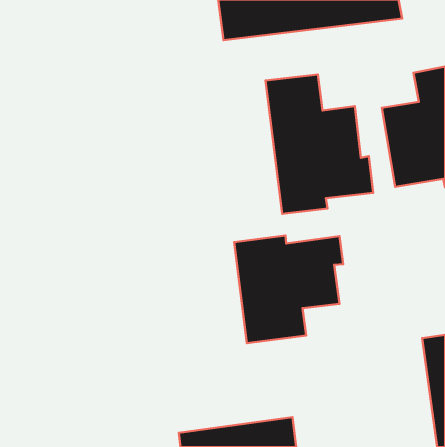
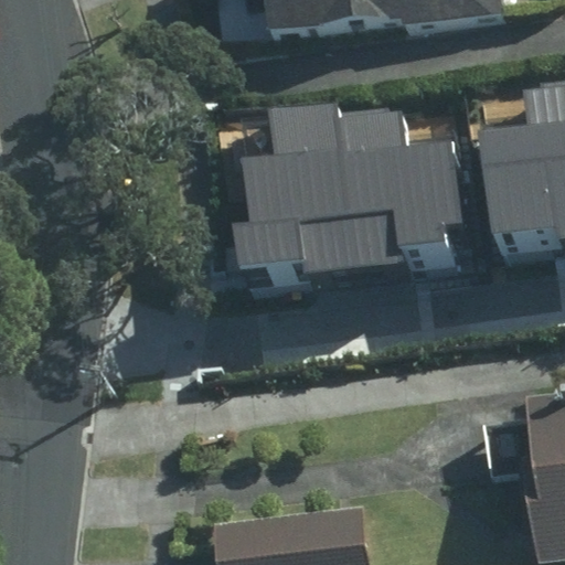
building: none -> [230,102,355,276]
building: [234,235,343,343] -> none

